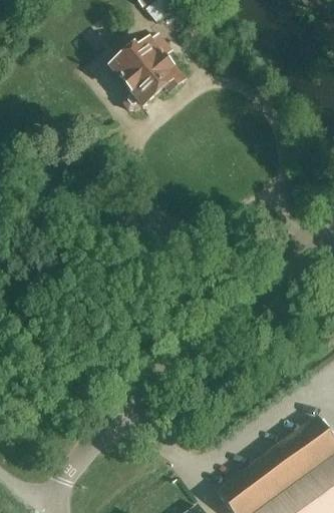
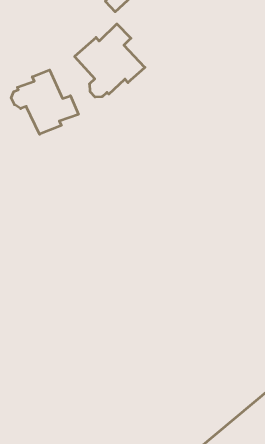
building: none -> [11,70,78,134]

